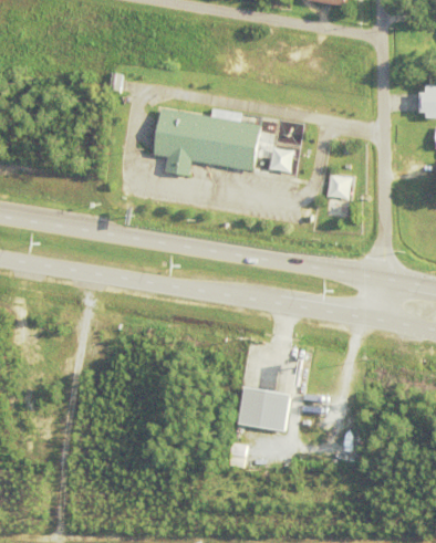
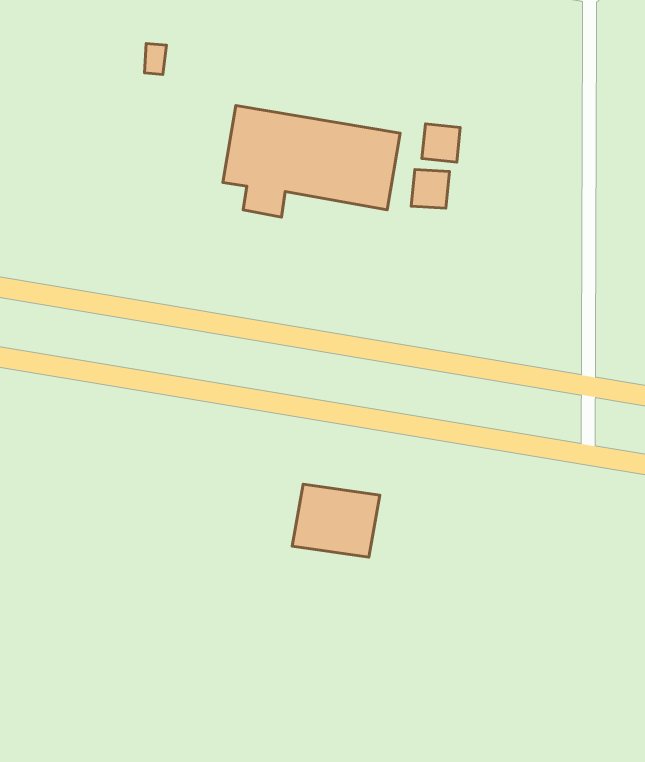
building: [324,174,349,199] -> none
building: [238,390,291,435] -> [292,484,380,557]

